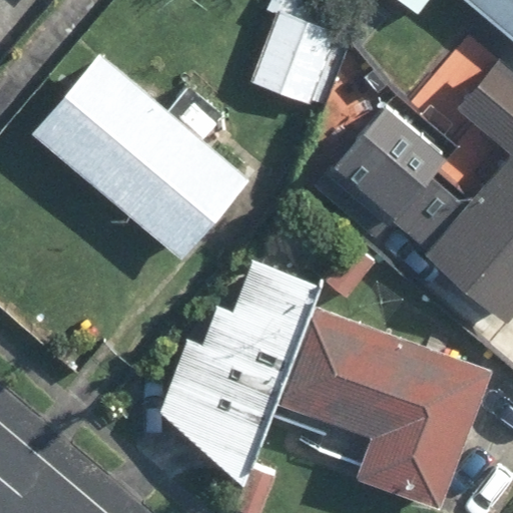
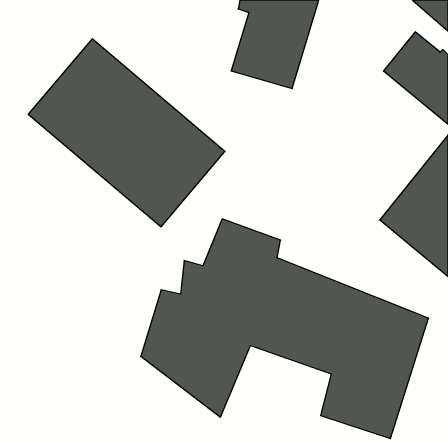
building: [318,98,453,246] -> none

